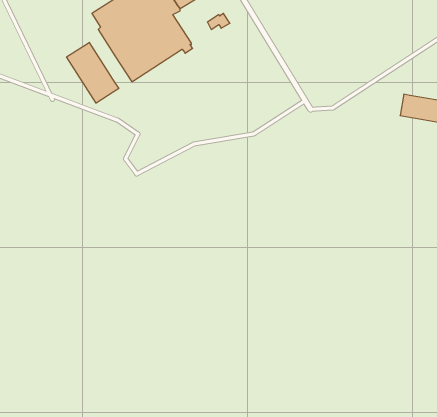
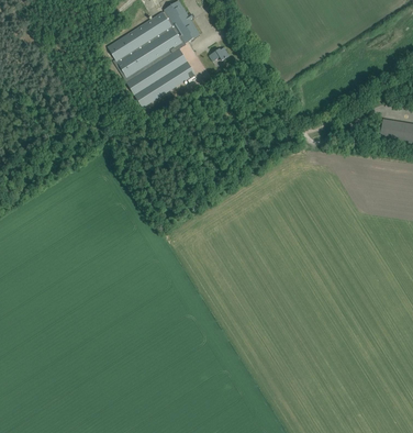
building: [67,42,119,103] -> none

